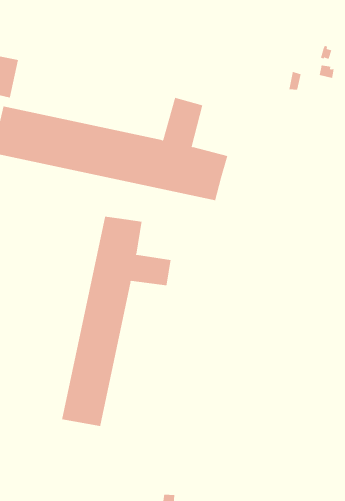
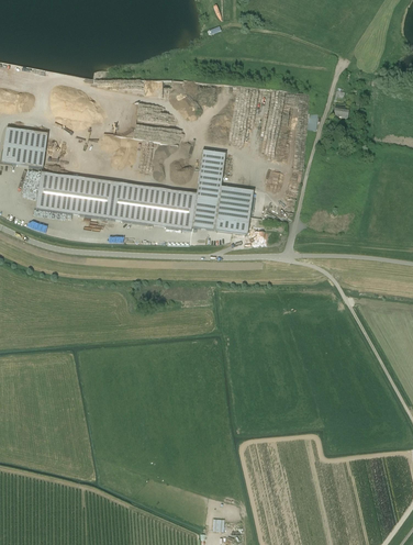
building: [62,216,171,427] -> none

